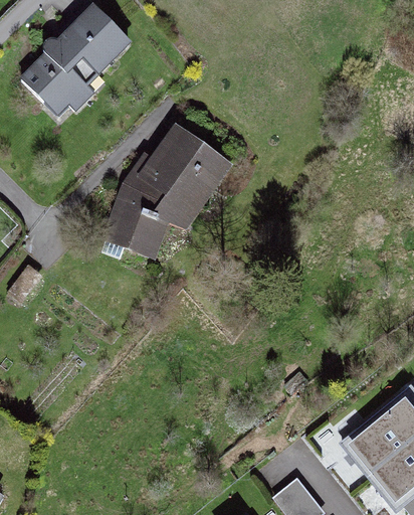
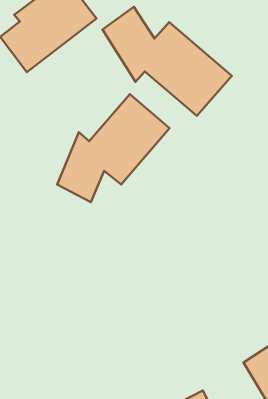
building: none -> [102,7,232,116]

